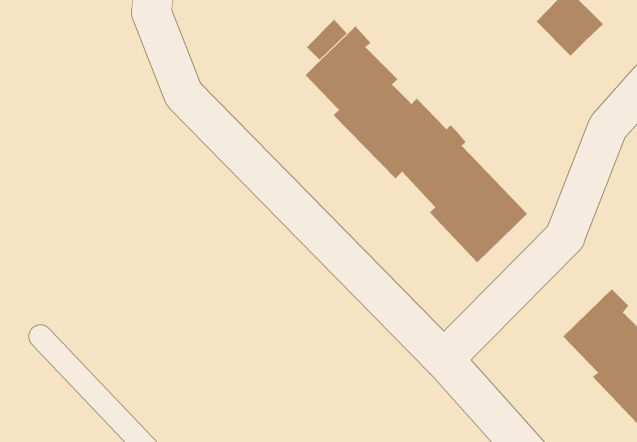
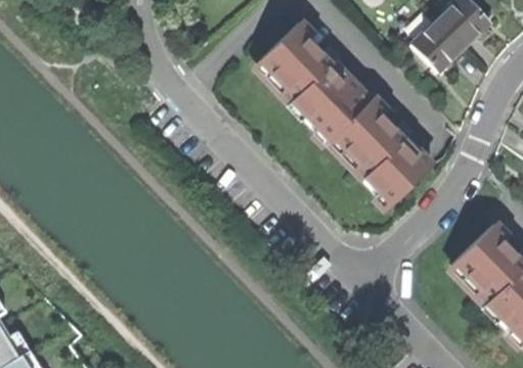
building: none -> [409,18,463,71]

